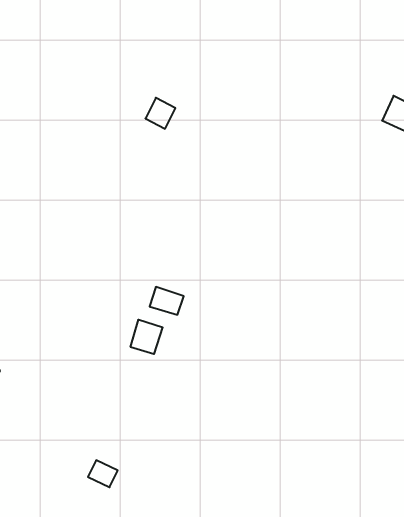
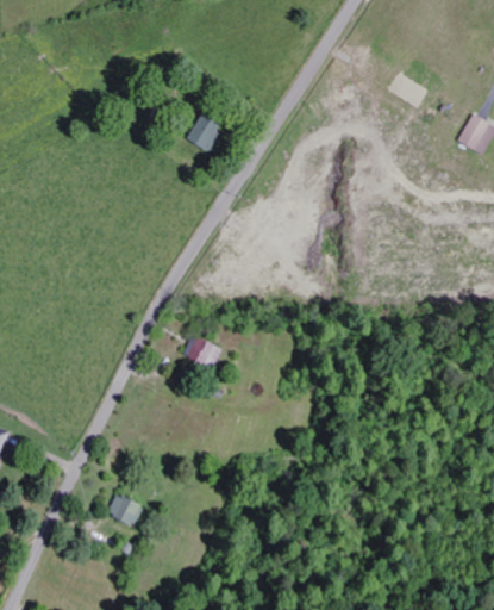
building: [131,320,163,354] -> none
building: [88,460,118,487] -> [112,493,146,524]

